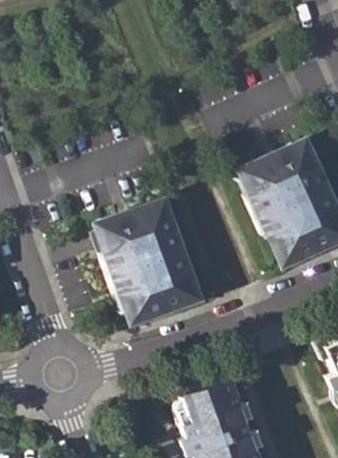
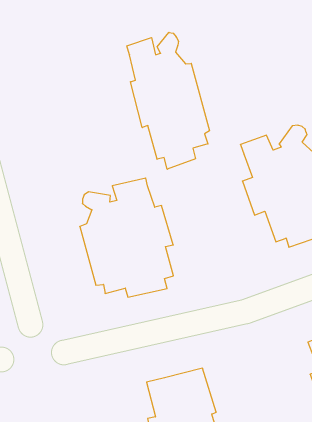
building: none -> [127,32,210,169]

